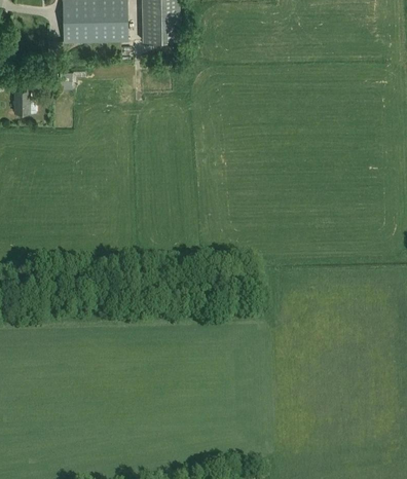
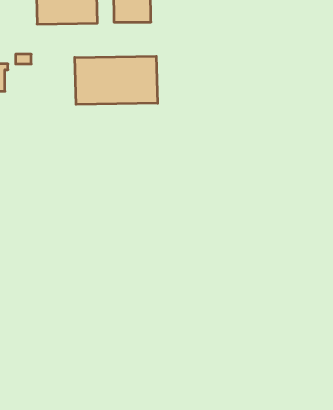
building: none -> [75,56,158,104]

